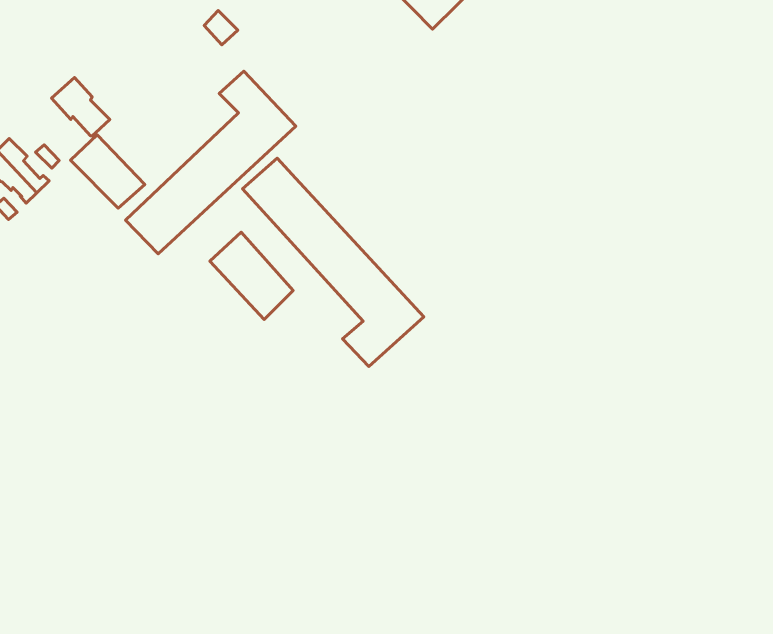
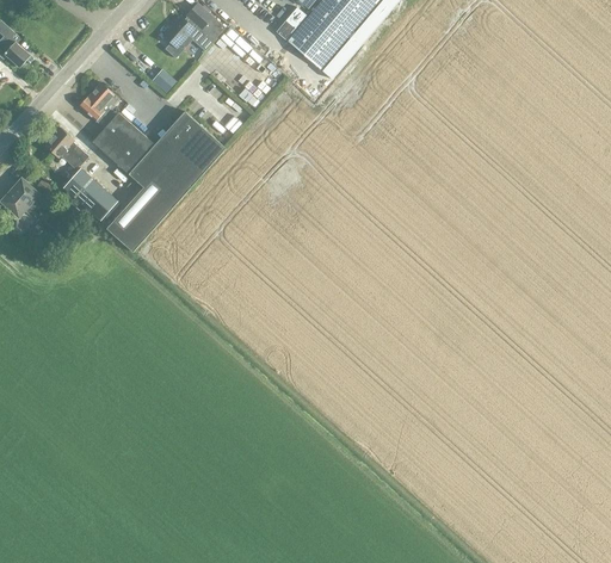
building: none -> [79,82,183,187]
building: [242,158,424,366] -> none
building: [210,232,293,320] -> none

